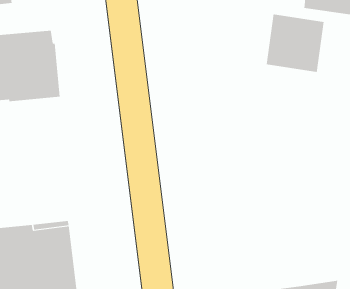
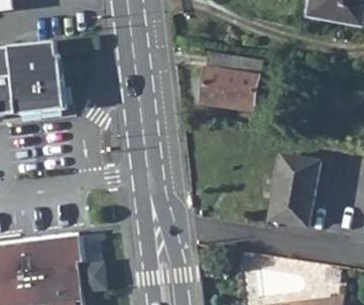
building: [266,14,325,72] -> [201,52,260,112]
building: none -> [269,154,316,224]

